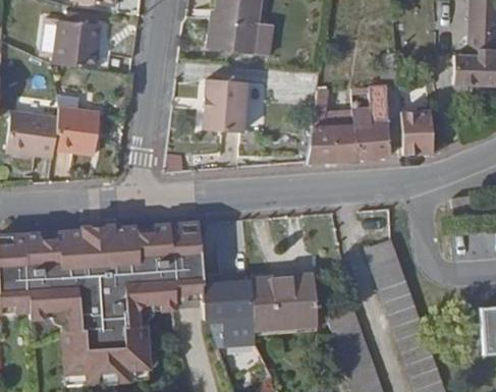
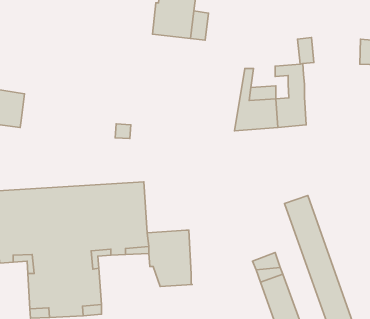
building: [52,19,101,69] -> none
building: [207,78,251,132] -> none
building: [53,108,100,155] -> none
building: [398,109,432,154] -> none
building: [251,274,316,331] -> none

